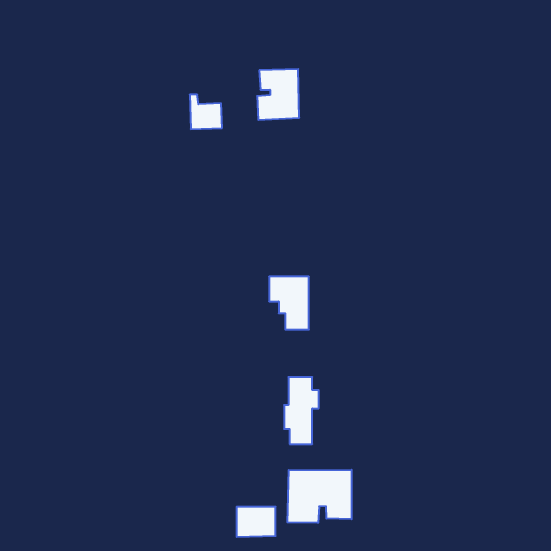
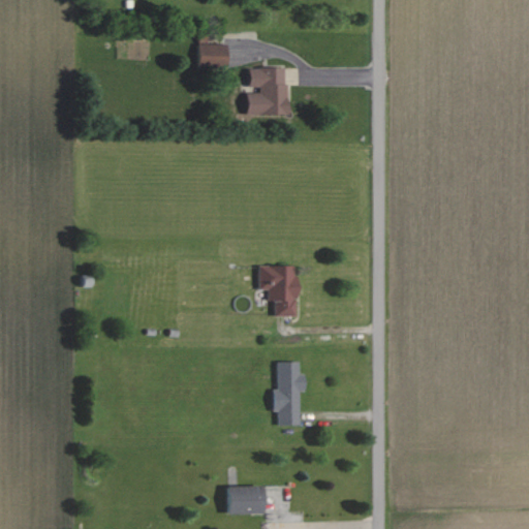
building: [190,95,222,129] -> [197,35,228,68]
building: [287,470,352,523] -> none

